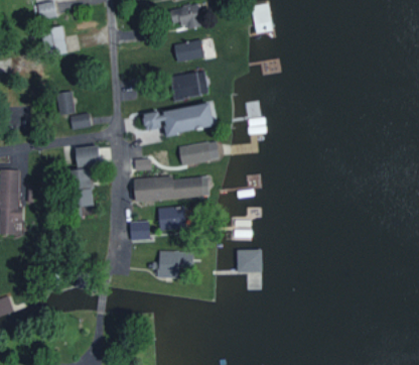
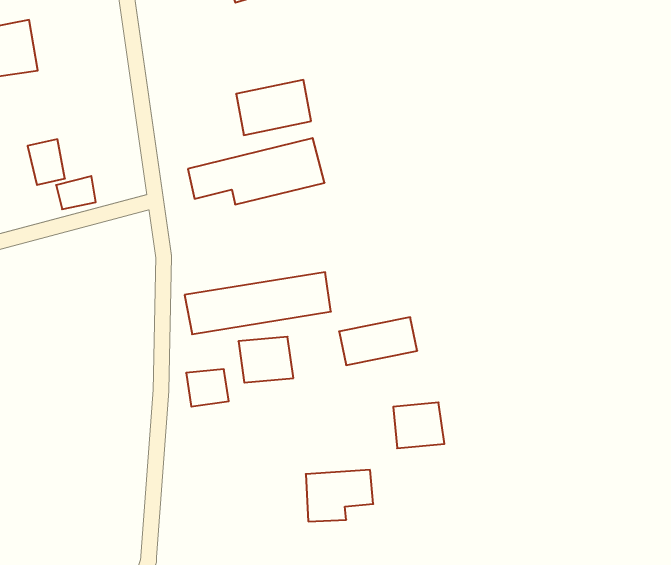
building: [174,40,204,63] -> none
building: [179,142,220,164] -> [339,317,417,365]
building: [66,146,99,209] -> none
building: [158,251,193,277] -> [306,470,373,521]

